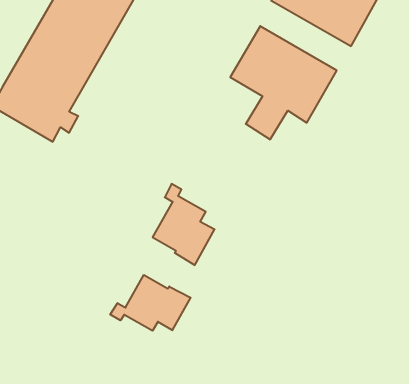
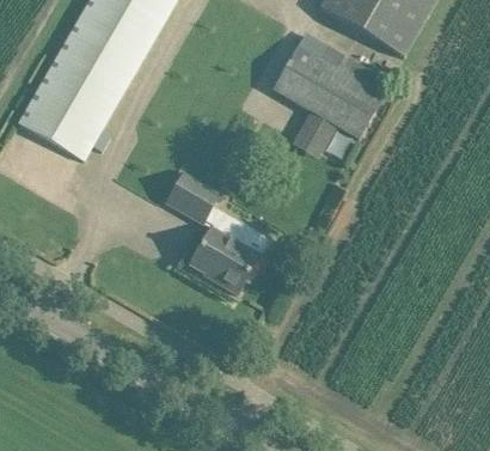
building: none -> [167,171,219,220]
building: [110,275,191,331] -> none

